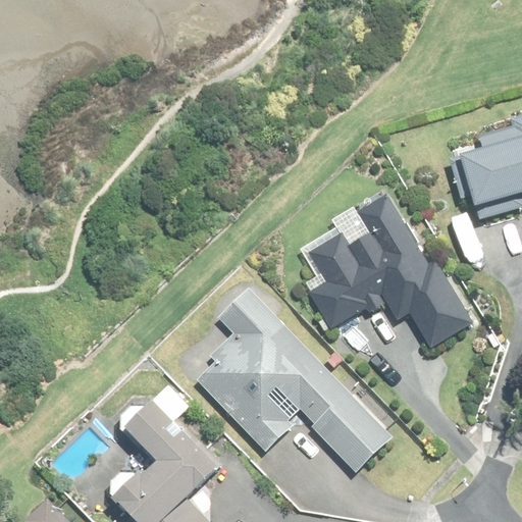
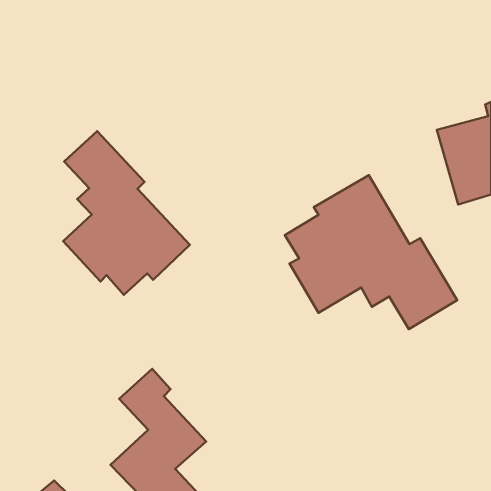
building: none -> [63,131,190,295]
building: [194,286,393,475] -> none

